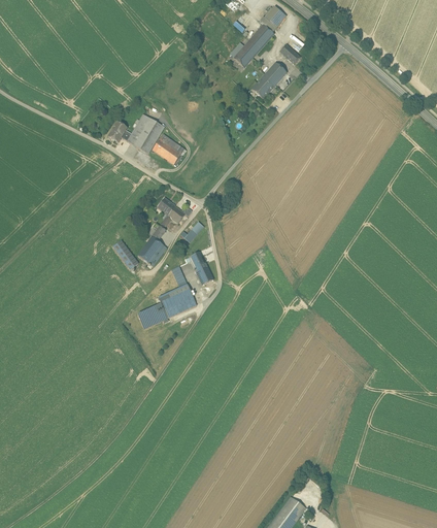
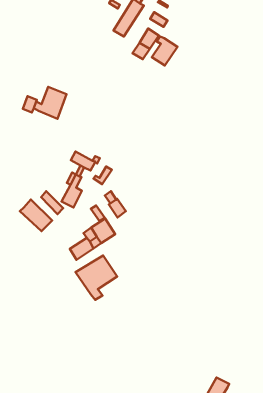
building: none -> [152,37,178,65]
building: [153,134,184,165] -> none
building: none -> [20,200,52,231]
building: none -> [75,255,117,300]

